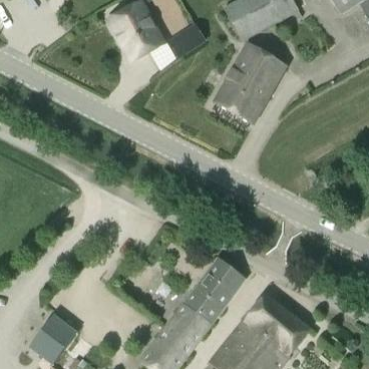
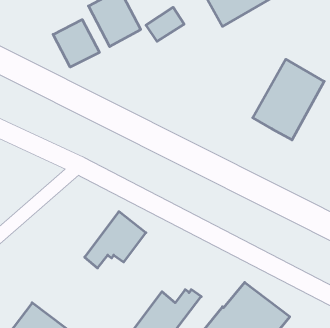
building: none -> [53,20,99,67]
building: [216,42,287,122] -> [253,59,324,140]
building: [183,258,245,314] -> [85,212,146,268]

